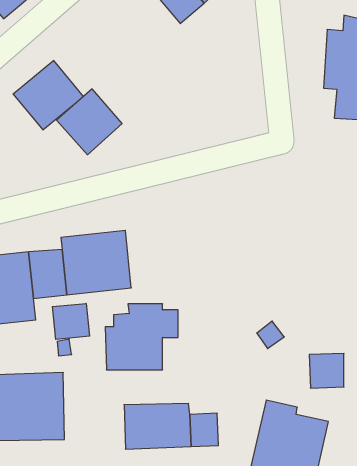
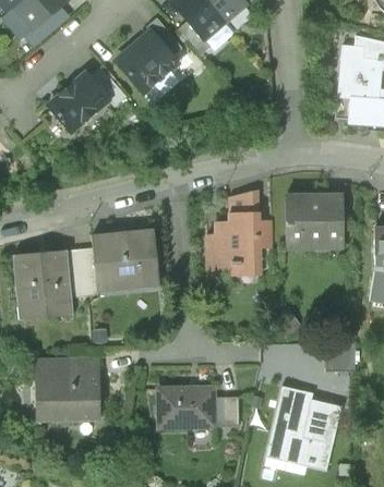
building: [56,89,122,155] -> [117,35,177,95]
building: none -> [290,196,340,245]
building: [52,303,89,339] -> none
building: [105,304,178,370] -> [206,211,273,271]

